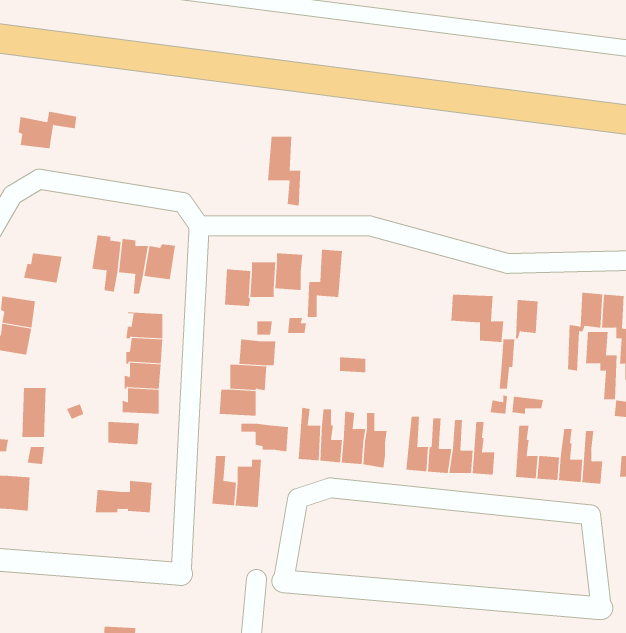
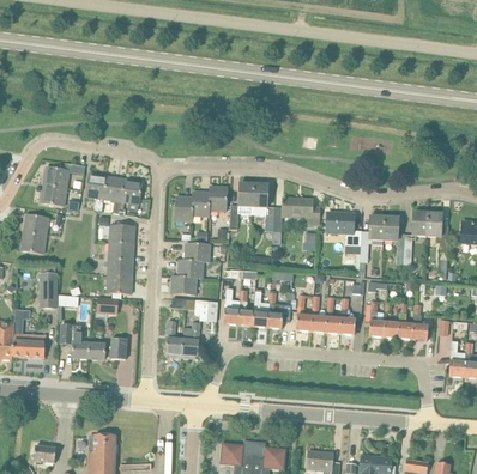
building: [18,111,77,149] -> [46,163,85,188]
building: [267,136,301,206] -> [252,184,274,231]
building: none -> [283,198,320,224]
building: [585,332,618,400] -> [384,218,405,263]
building: none -> [60,324,90,359]

